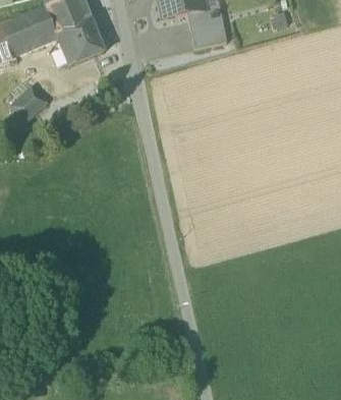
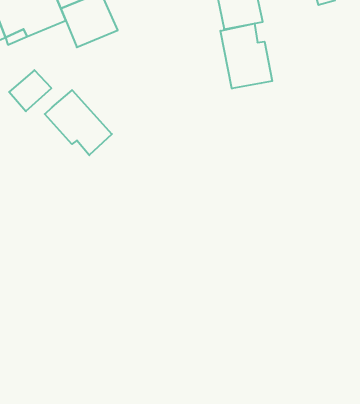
building: none -> [220,23,272,89]
building: none -> [45,90,112,155]

